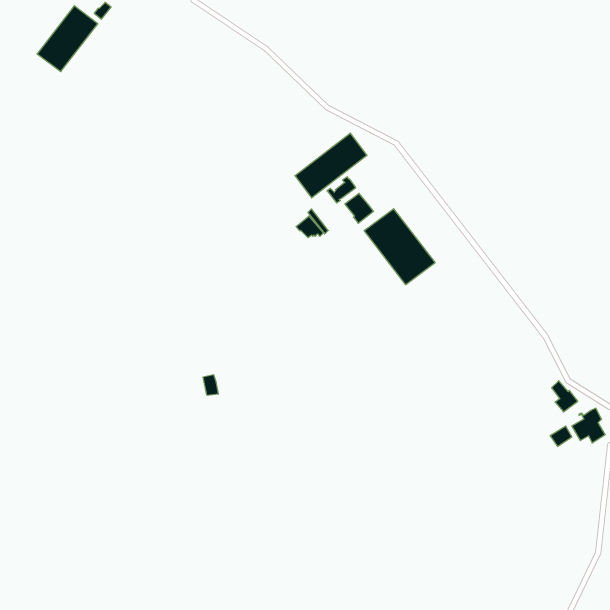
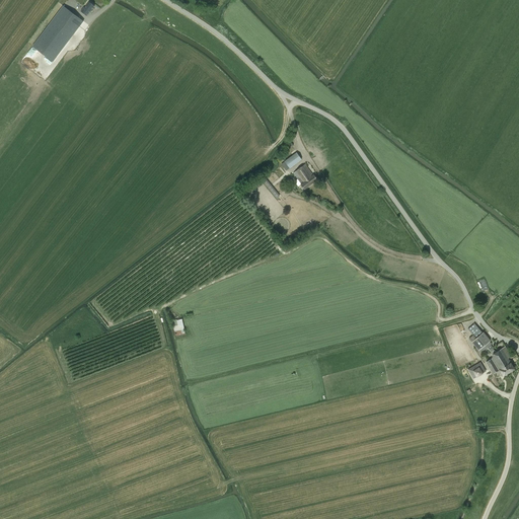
building: [295,133,367,198] -> none
building: [364,209,435,285] -> none

